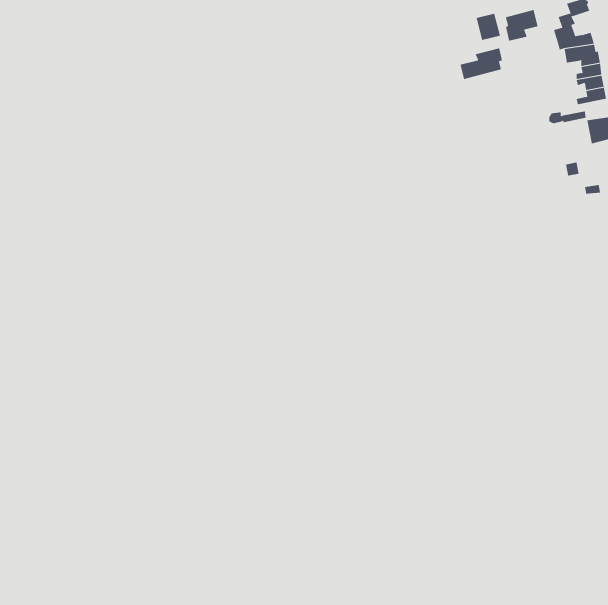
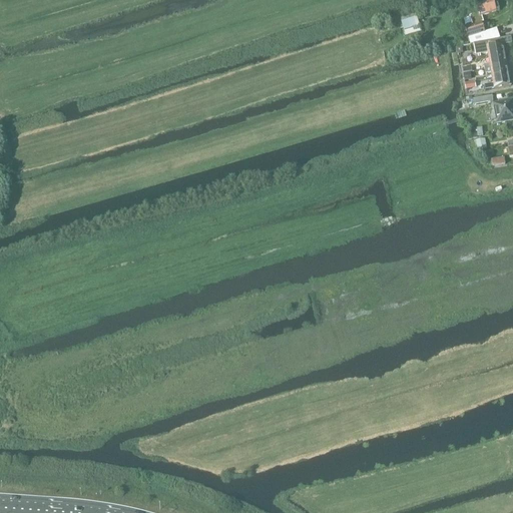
building: [505,9,538,41] -> none
building: [460,48,502,80] -> none

